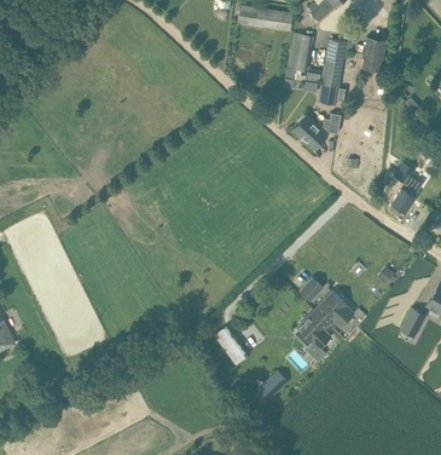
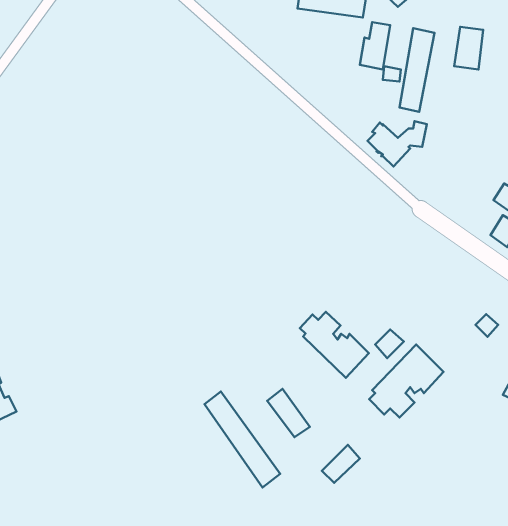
building: none -> [300,312,369,378]
building: none -> [205,391,280,487]

